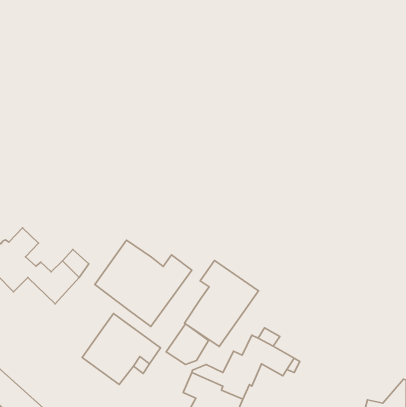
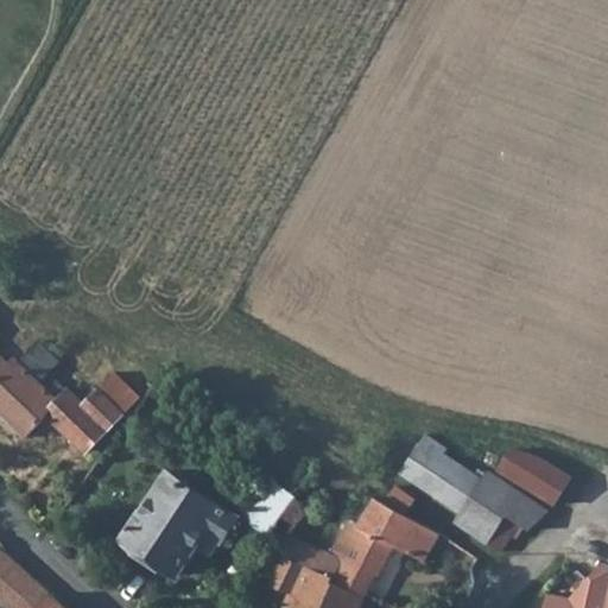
building: [95,240,192,326] -> none
building: [185,261,258,347] -> none
building: none -> [398,436,545,552]
building: none -> [498,450,568,506]

